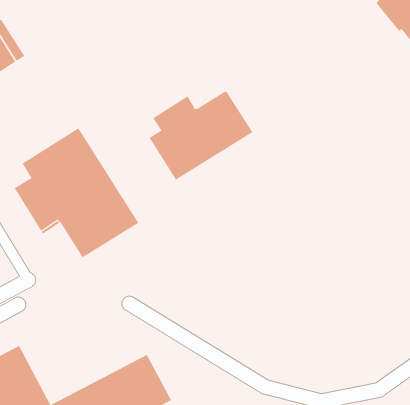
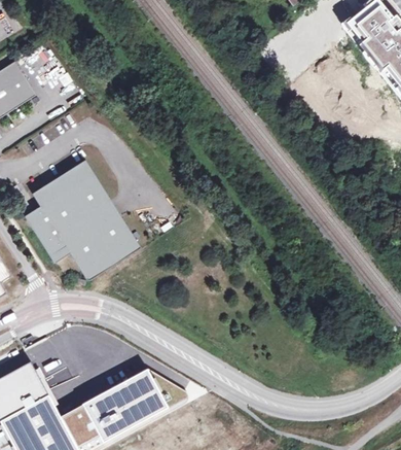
building: [149,91,253,181] -> none

